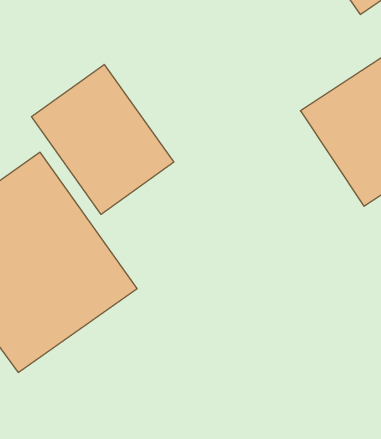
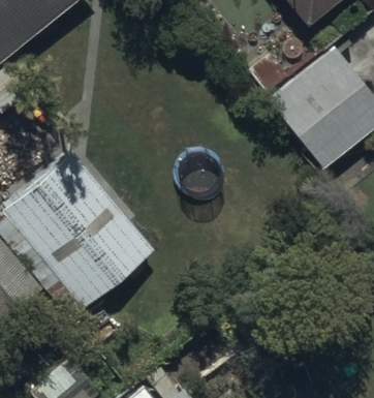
building: [32,64,174,214] -> none

